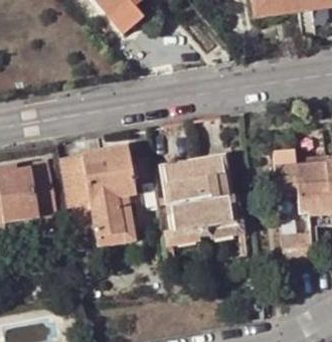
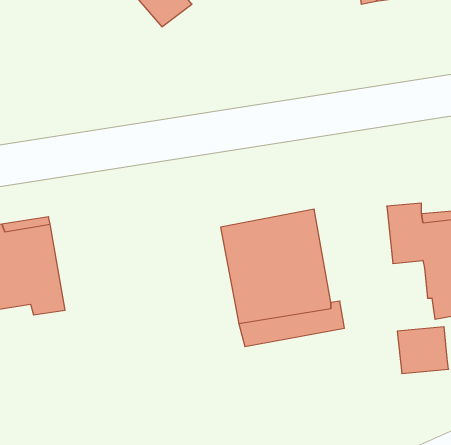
building: [65,145,137,246] -> none

